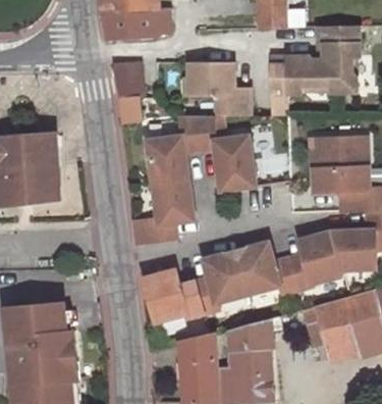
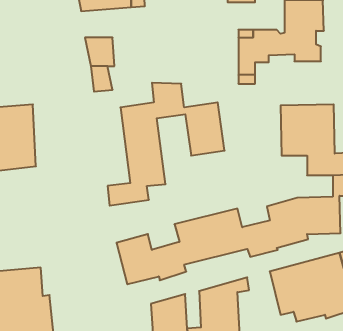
building: [187,60,247,114] -> none

